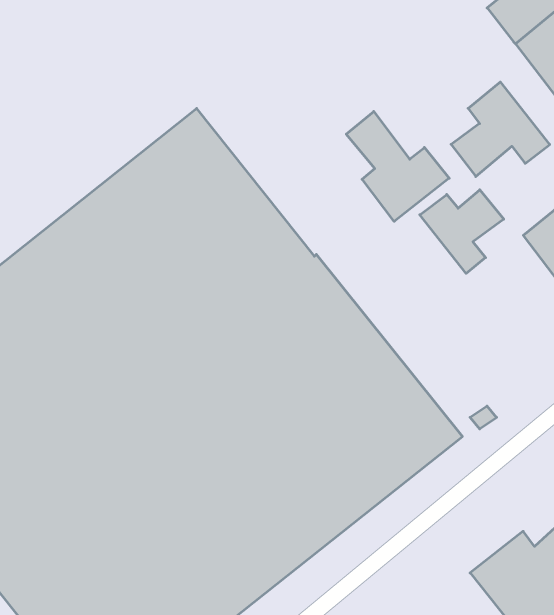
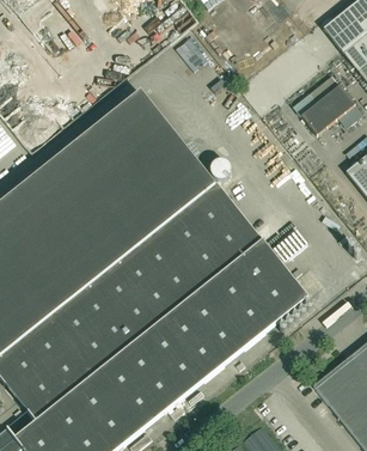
building: [346,111,449,221] -> none
building: [420,190,504,273] -> none

